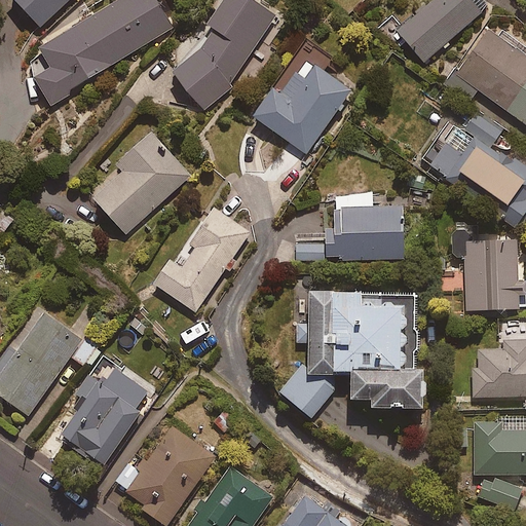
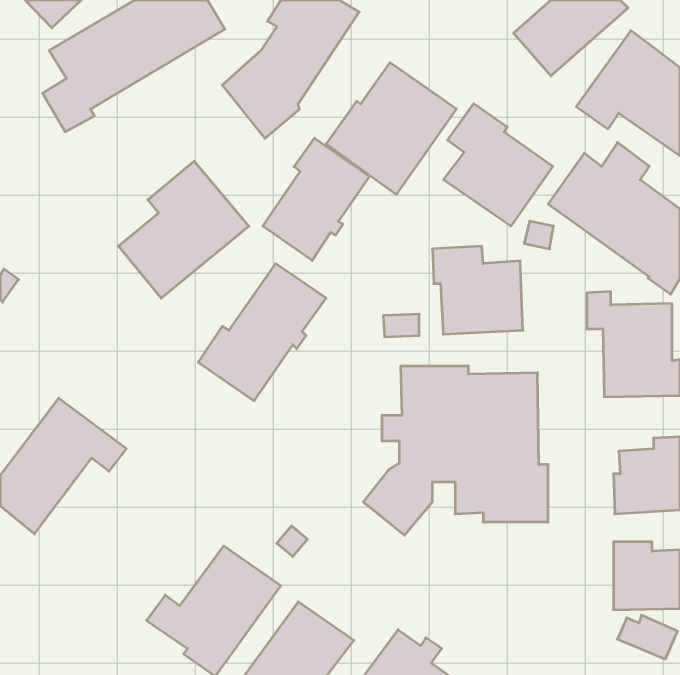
building: none -> [444,104,553,226]
building: none -> [263,138,370,261]
building: [63,368,148,465] -> none

